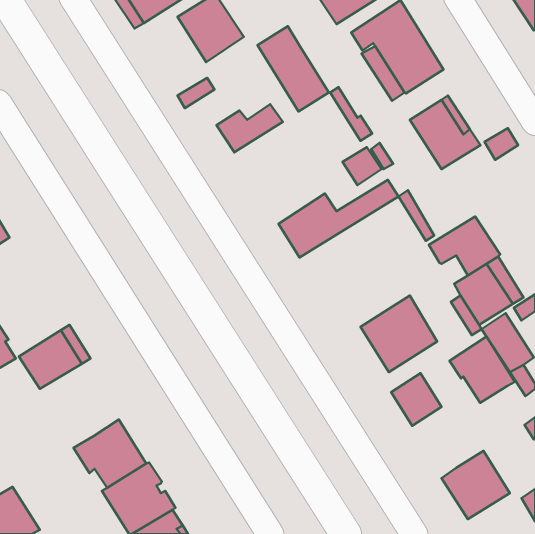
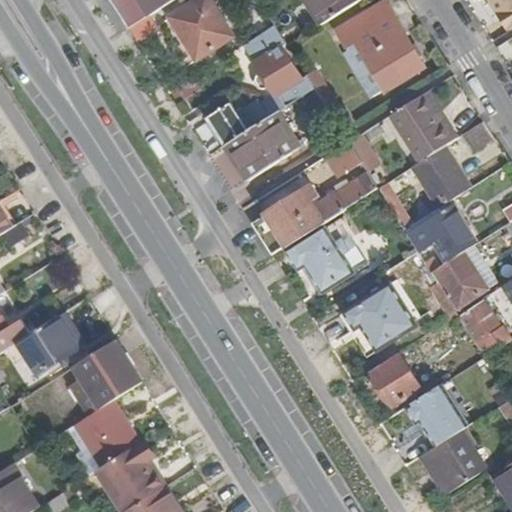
building: none -> [224,111,298,178]
building: none -> [412,146,471,208]
building: none -> [287,220,352,290]
building: [450,337,515,403] -> [405,382,467,445]
building: none -> [70,338,142,415]

